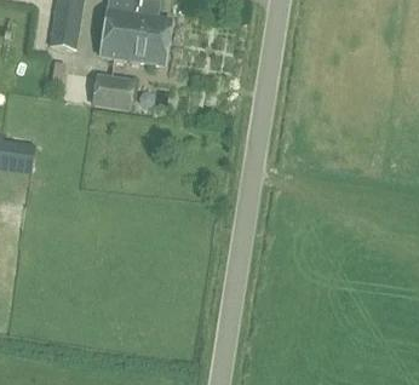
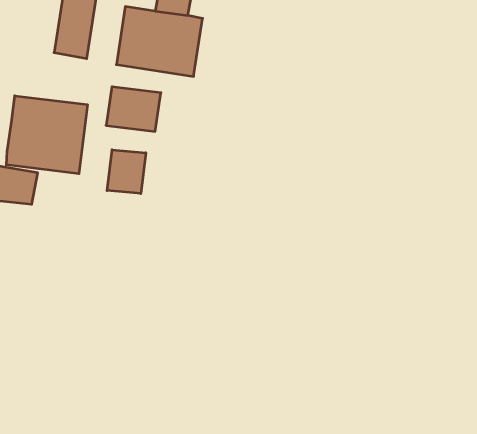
building: none -> [6,96,87,174]
building: none -> [107,150,146,194]

